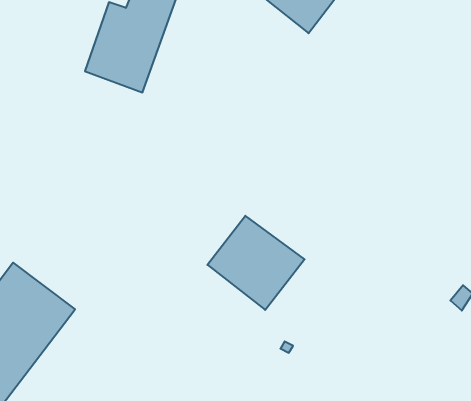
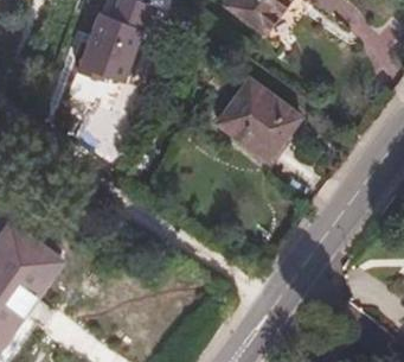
building: [207,216,305,310] -> [230,90,312,170]

